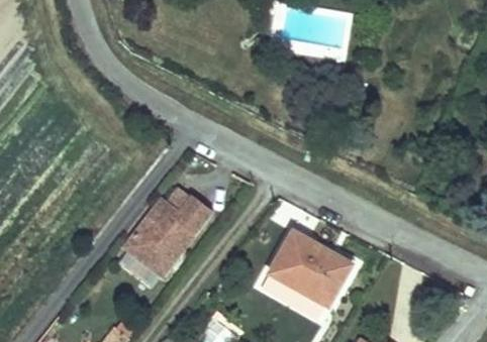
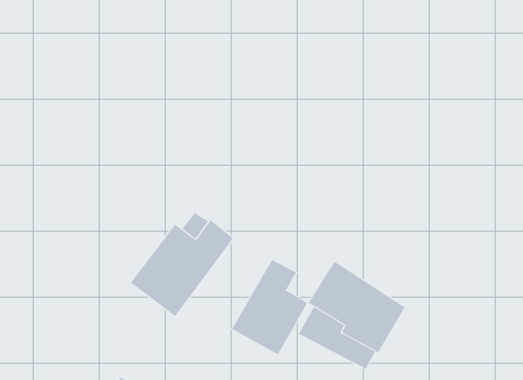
building: none -> [231,259,308,355]

